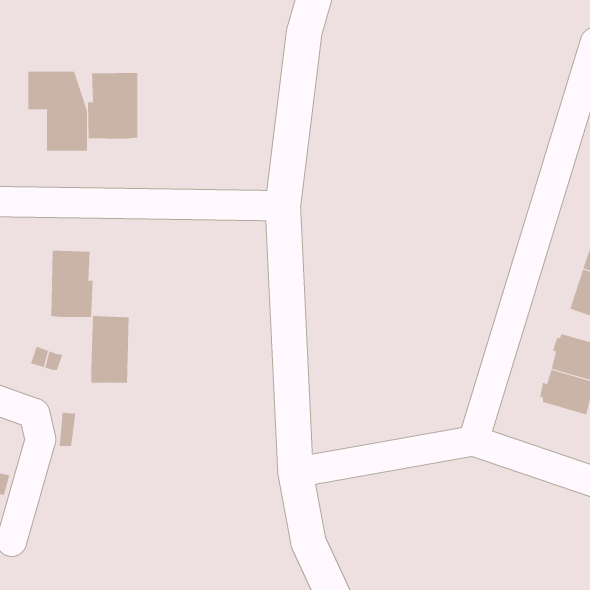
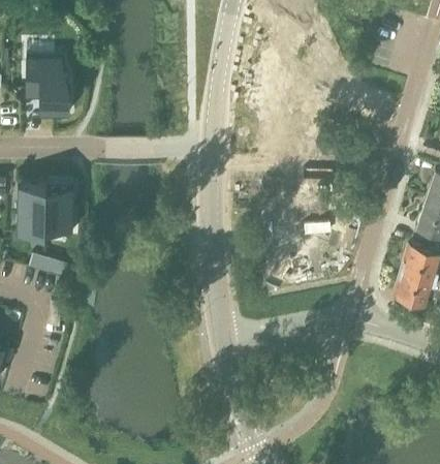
building: [87,72,138,140] -> none
building: [91,316,129,383] -> [17,184,44,233]

